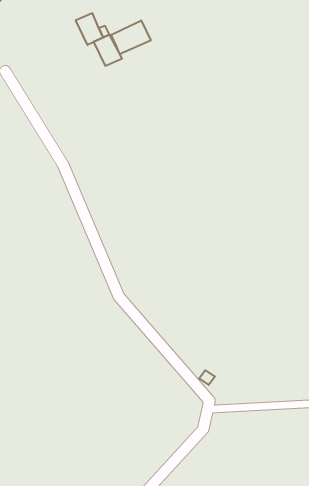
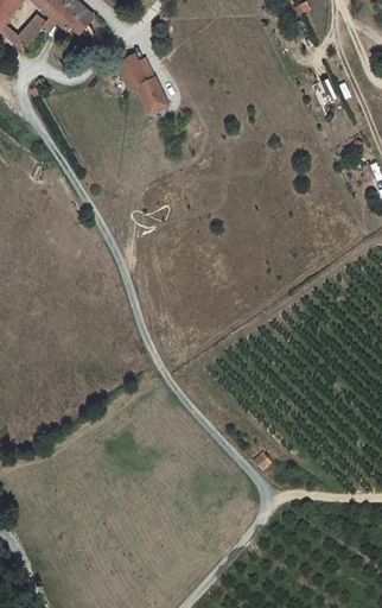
building: [111,20,151,54] -> none

